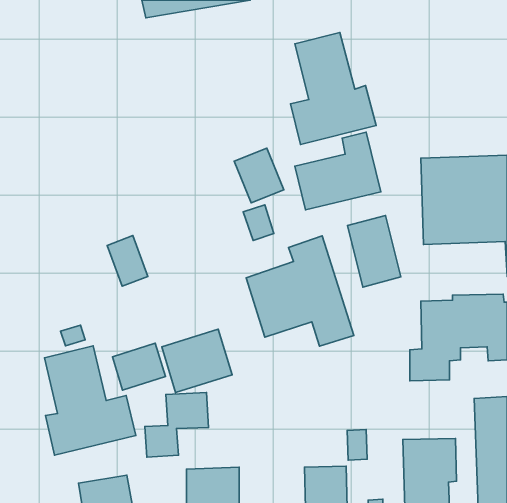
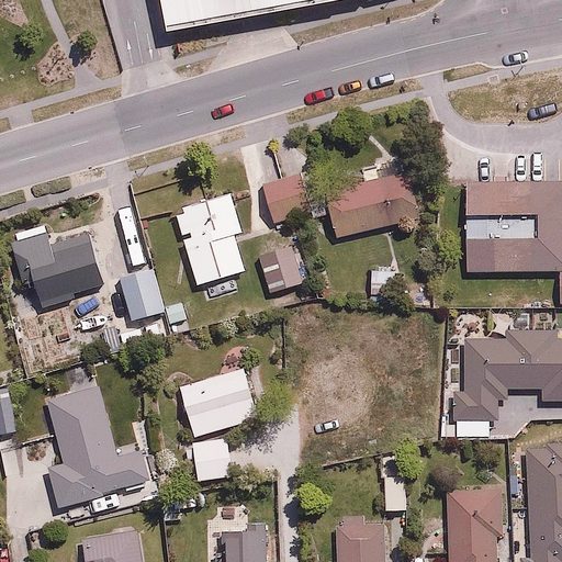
building: [290,33,376,145] -> none
building: none -> [173,191,244,285]
building: none -> [7,224,108,313]
building: [347,215,401,287] -> none
building: [246,236,354,346] -> none
building: [112,343,165,390] -> none

